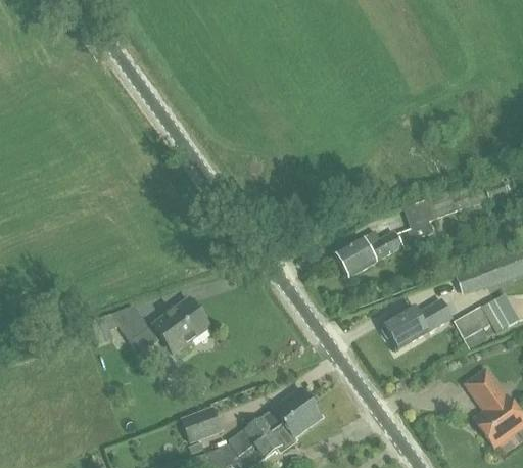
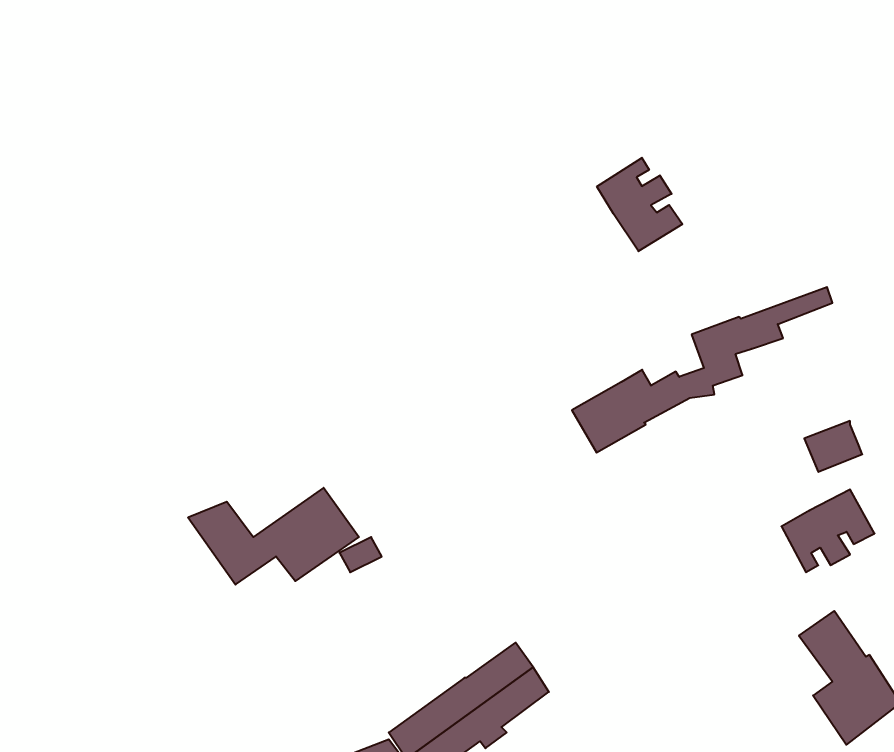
building: none -> [597,158,682,251]
building: [382,298,453,348] -> none
building: [182,406,224,442] -> none

